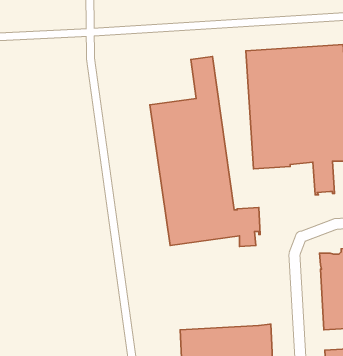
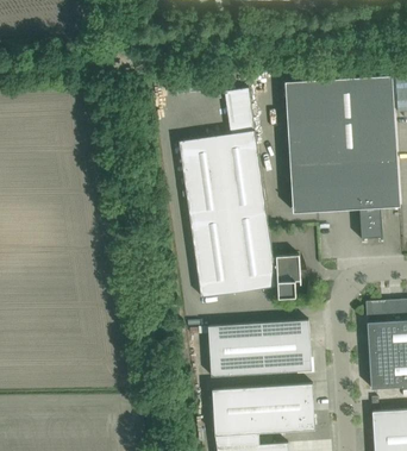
building: none -> [208,320,312,376]

